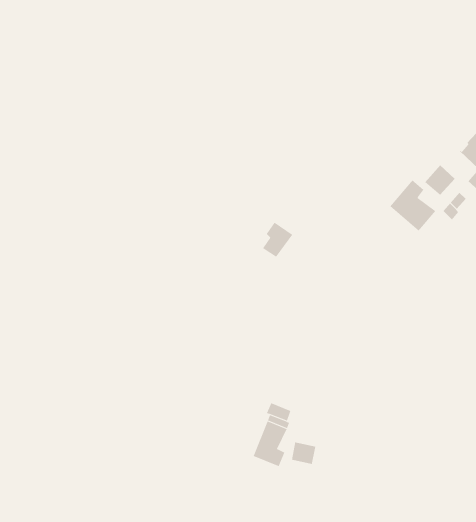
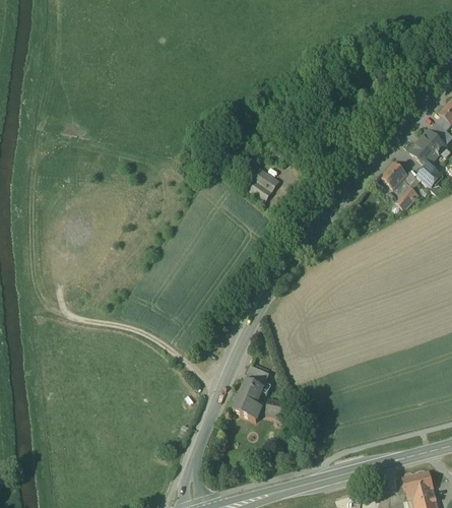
building: [389,180,436,232] -> none
building: [262,222,293,258] -> [251,170,277,200]

